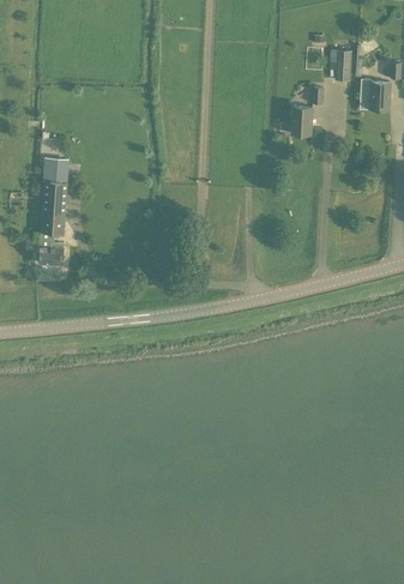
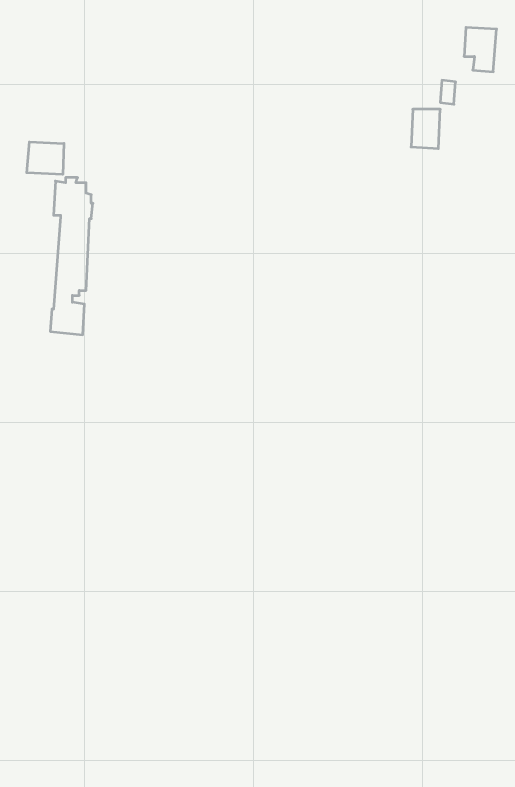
building: none -> [27,142,64,174]

